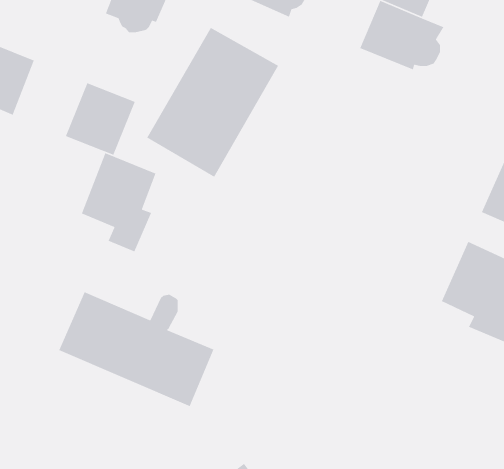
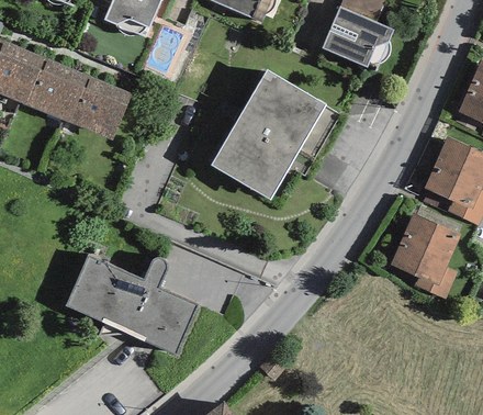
building: [146,27,279,178] -> [211,70,324,199]
building: none -> [26,58,89,123]
building: [81,152,157,253] -> none

